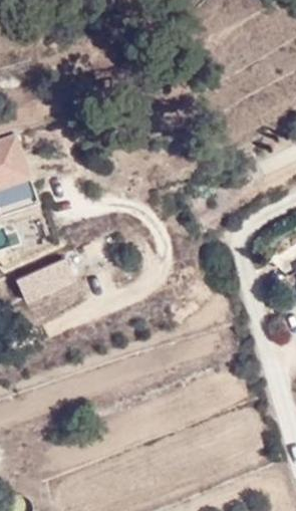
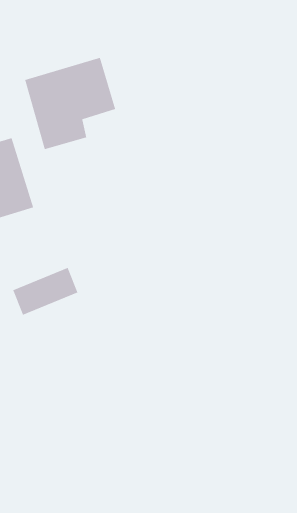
building: none -> [24,57,116,150]

